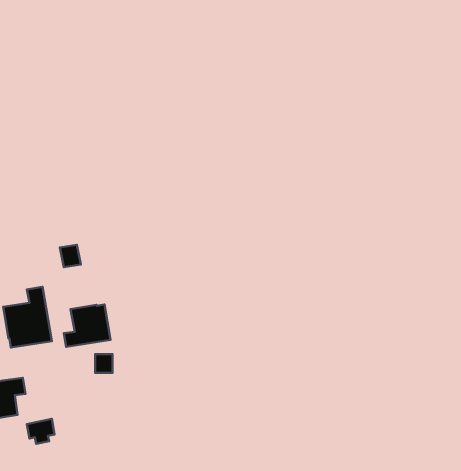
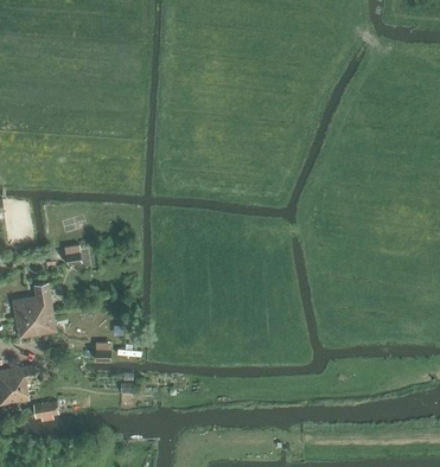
building: [64,305,111,347] -> none

